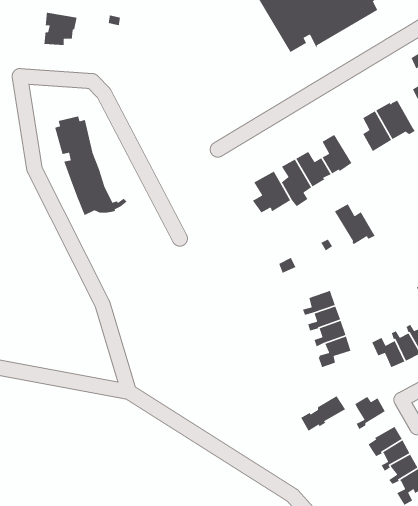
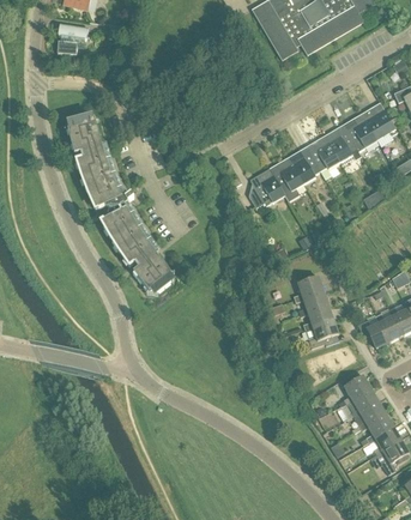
building: [334,203,376,245] -> [324,126,362,164]
building: none -> [101,206,171,291]
building: [300,395,346,432] -> [337,387,379,421]

